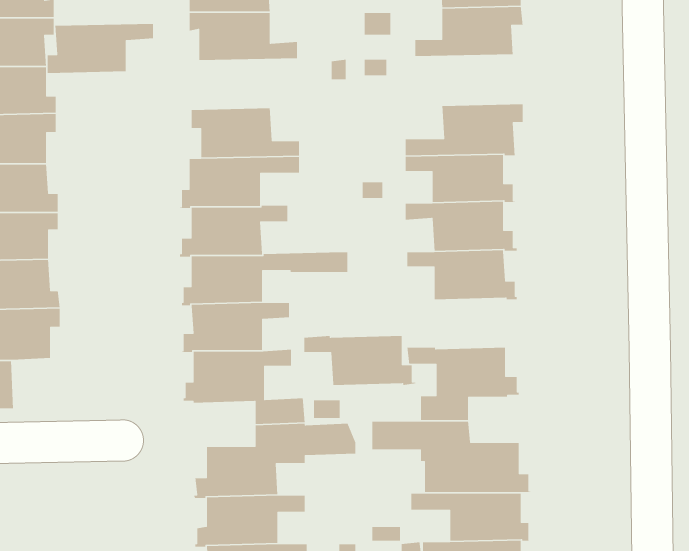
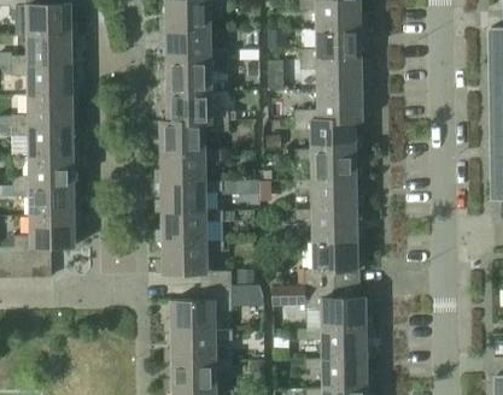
building: [47,23,154,74] -> [160,60,227,92]
building: none -> [299,58,367,89]
building: [303,335,416,386] -> [294,208,364,240]

